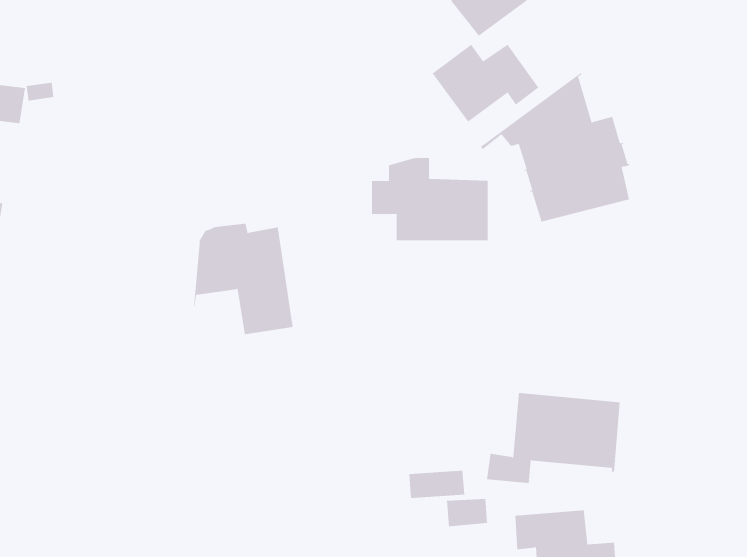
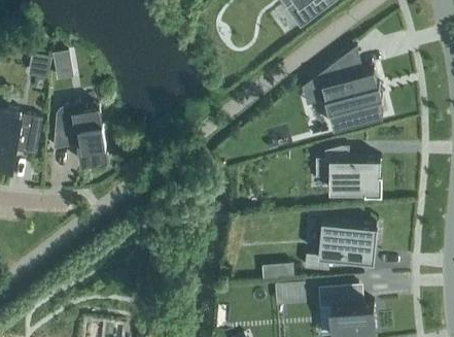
building: [432,44,539,123] -> none
building: [371,158,489,241] -> [316,148,380,194]
building: [193,223,294,335] -> [53,105,107,166]

